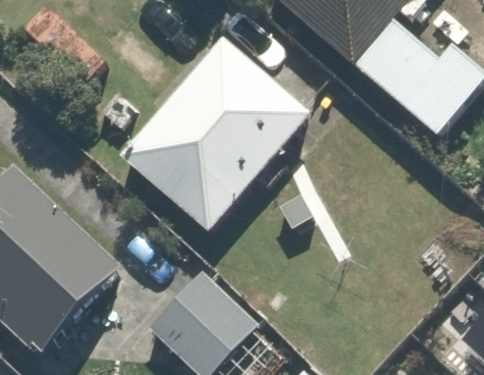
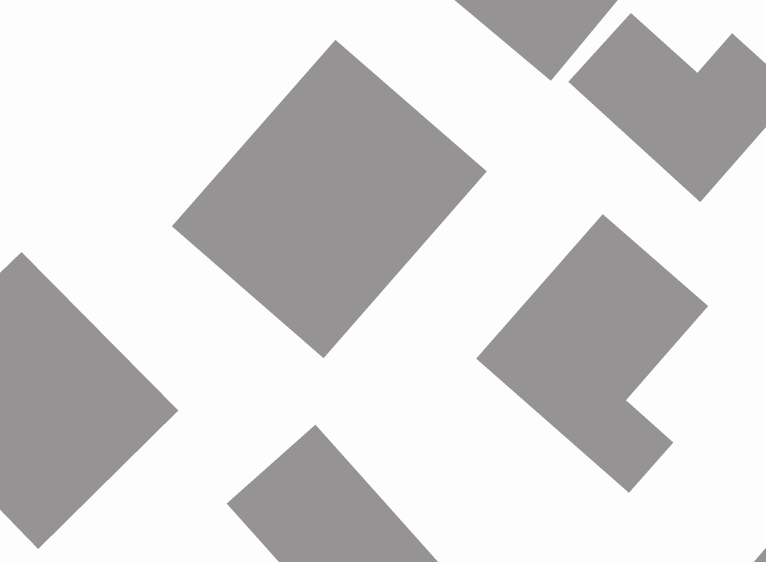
building: none -> [475,213,709,494]

